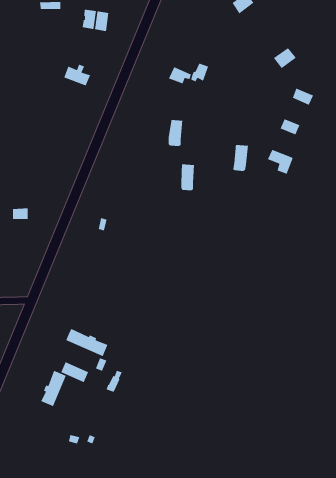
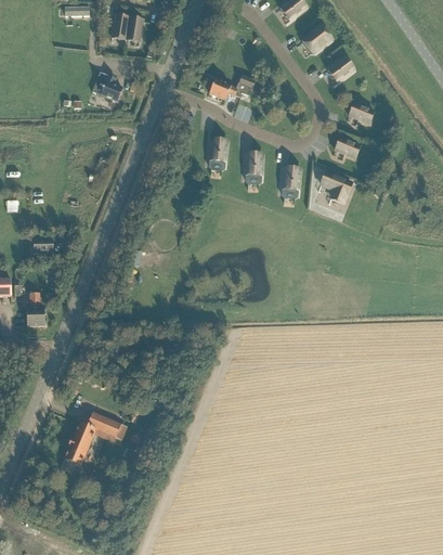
building: none -> [302,24,331,54]
building: [180,163,195,191] -> [246,153,262,184]
building: none -> [26,293,44,326]
building: [65,328,109,357] -> none

